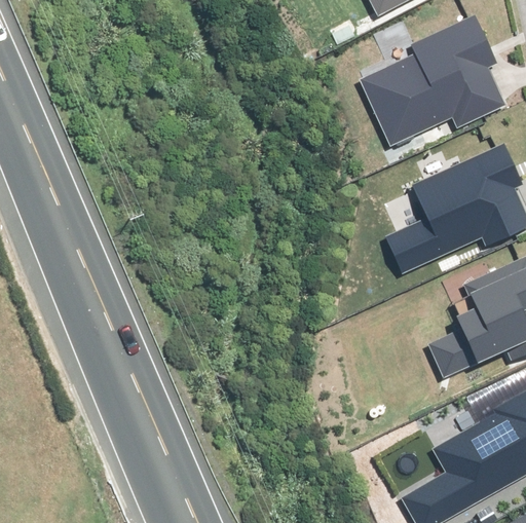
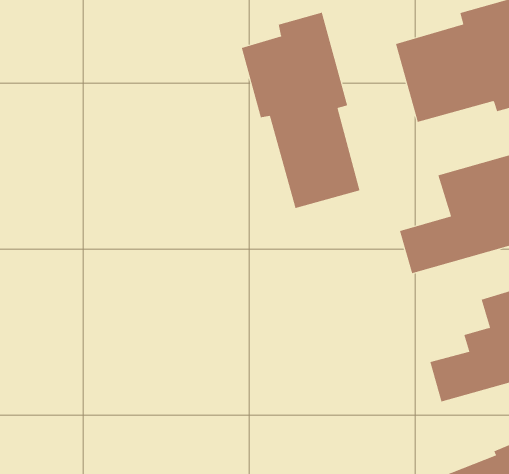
building: none -> [241,12,360,209]

